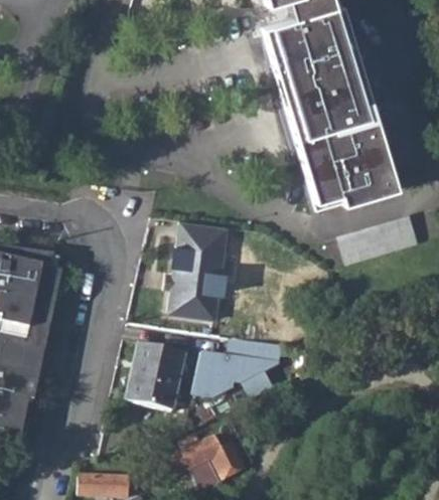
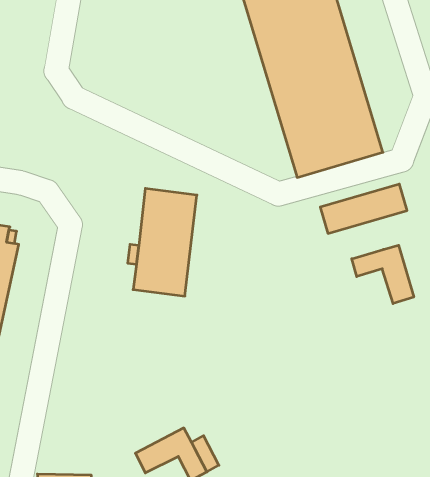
building: none -> [352,245,414,304]
building: [192,338,284,402] -> none
building: [124,344,184,414] -> none

